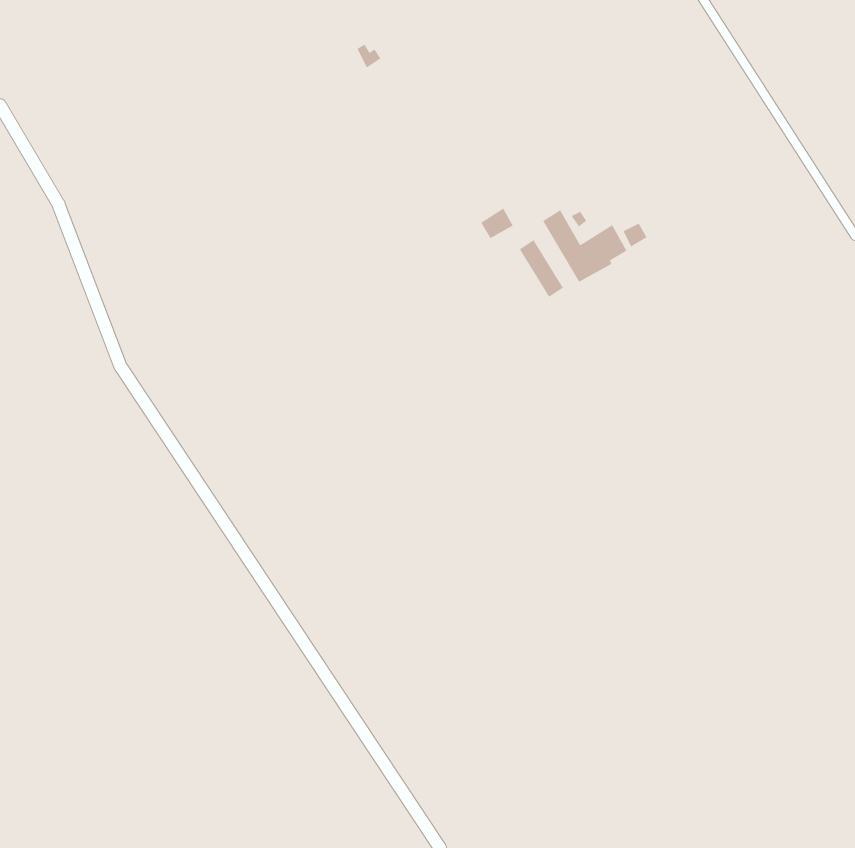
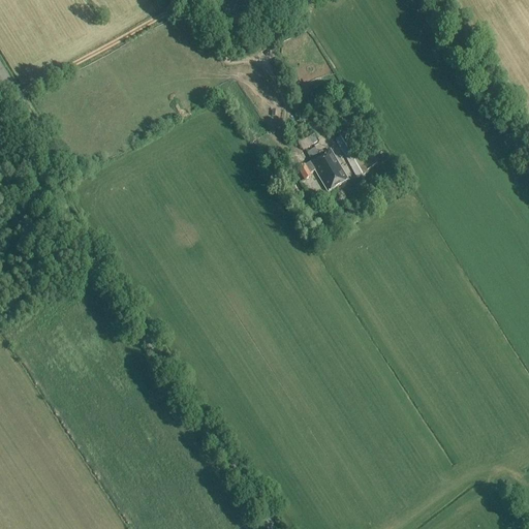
building: none -> [298,154,339,190]

